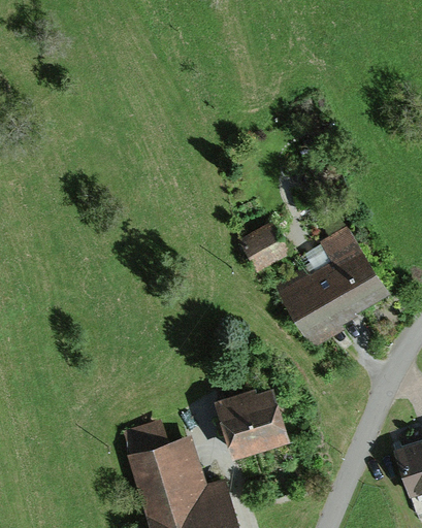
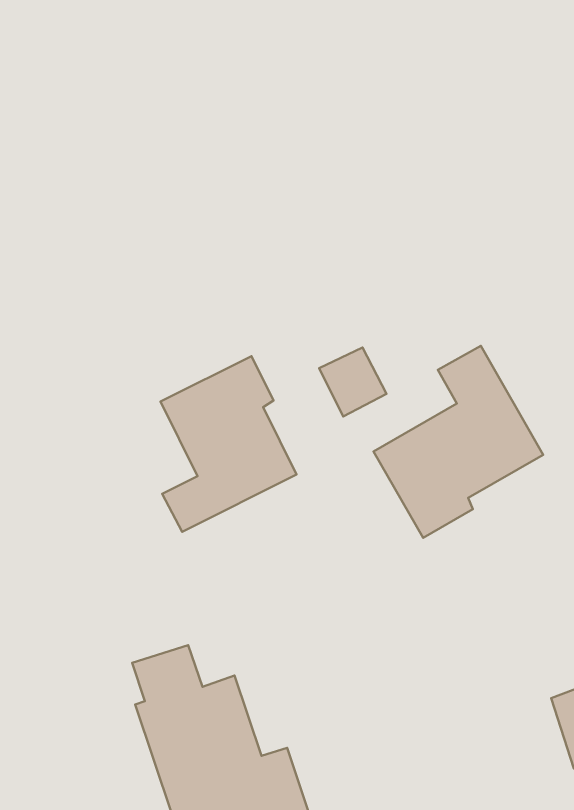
building: none -> [161,356,297,532]
building: [219,394,284,455] -> none

